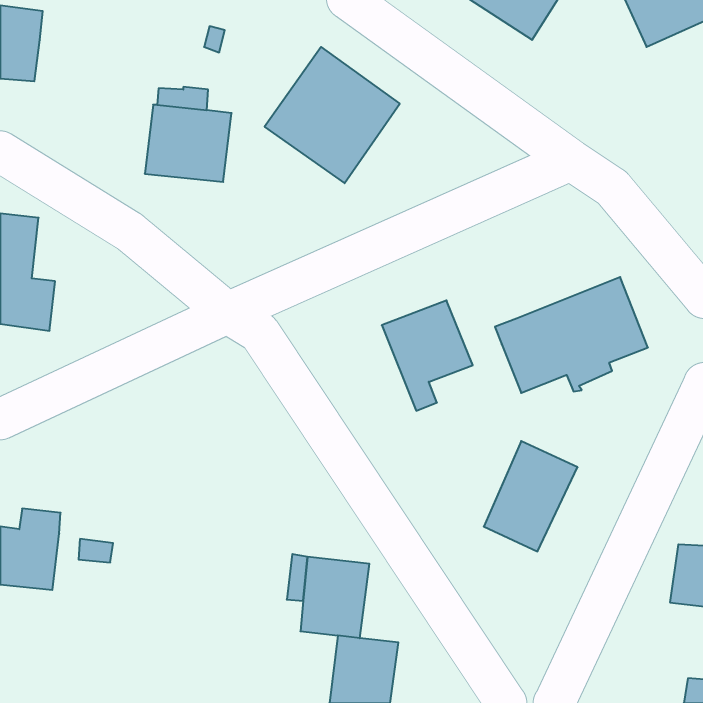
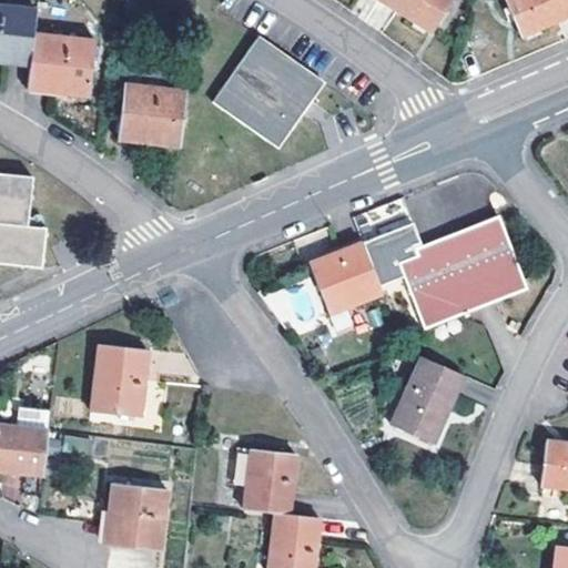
building: none -> [27,32,93,95]
building: none -> [361,222,419,286]
building: none -> [91,344,149,416]
building: none -> [104,483,168,549]

